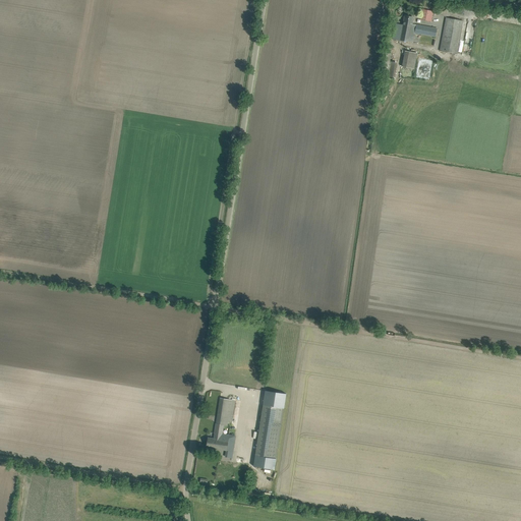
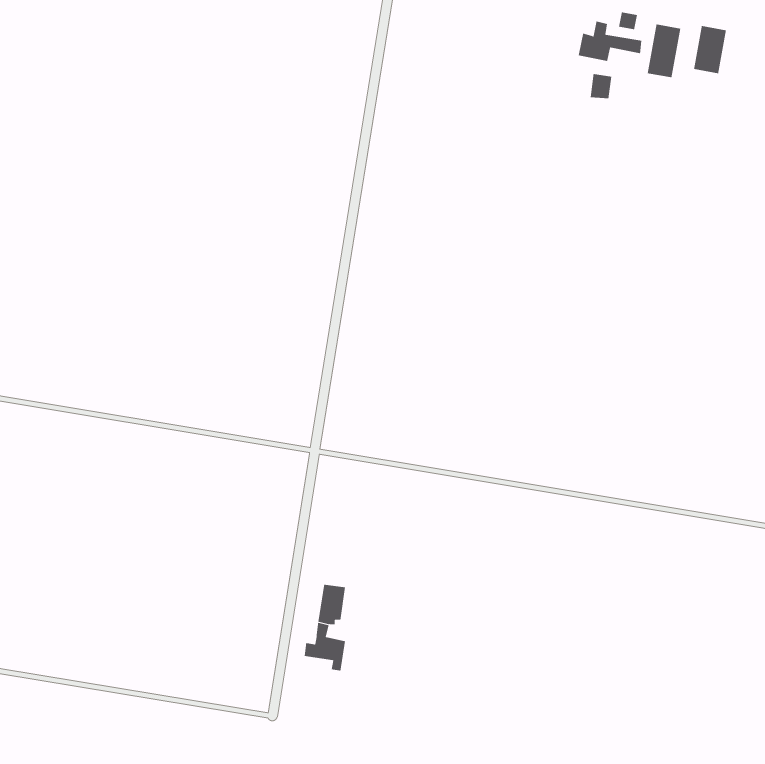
building: none -> [693,25,727,74]
building: [254,404,283,467] -> none

